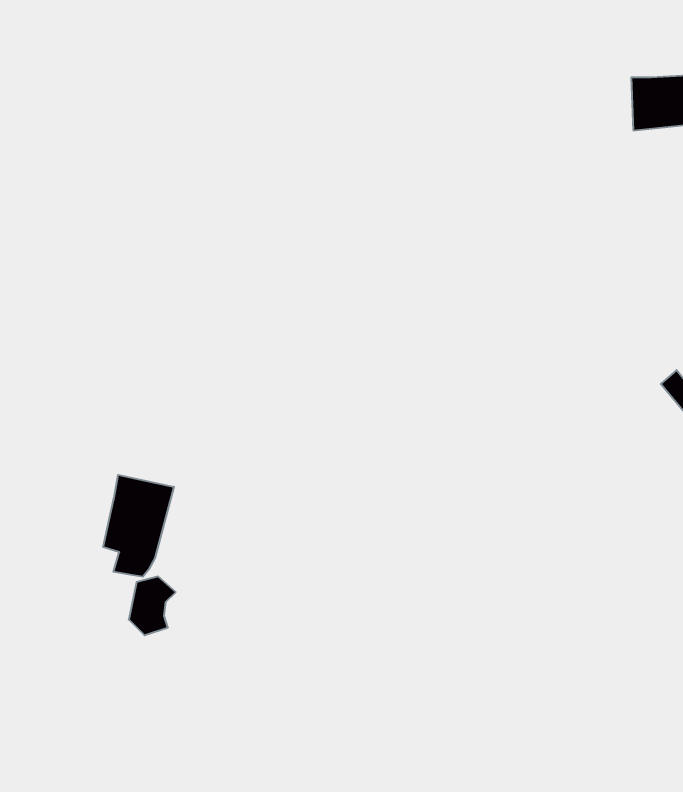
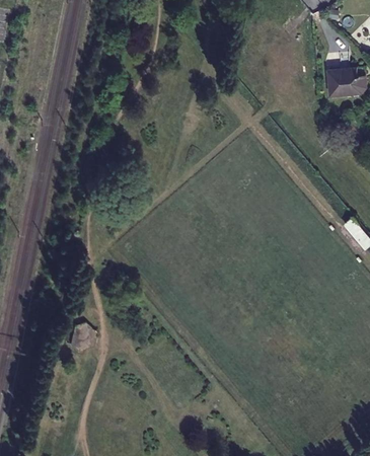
building: [103,475,174,577] -> none

